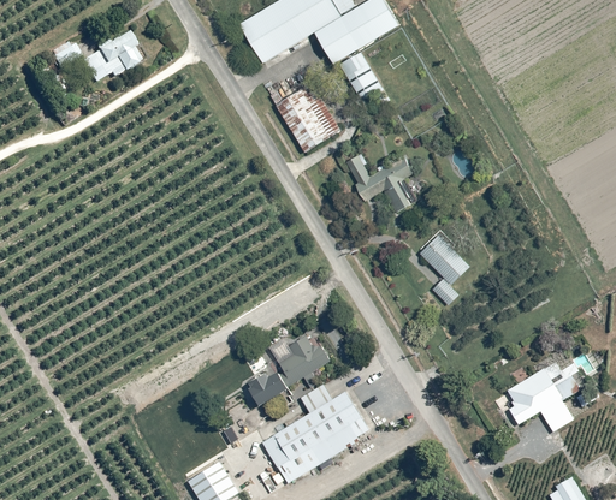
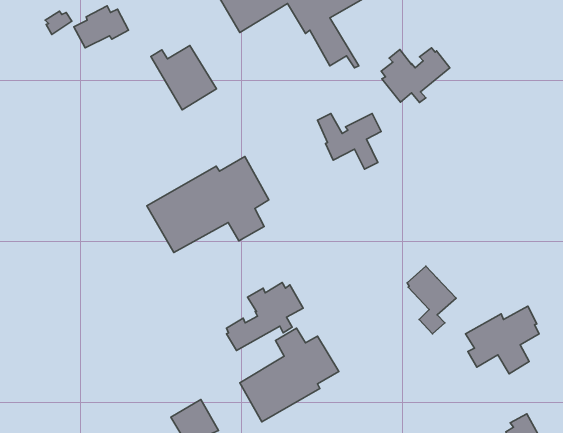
building: none -> [381,48,450,103]
building: [270,82,340,151] -> [151,45,217,110]
building: none -> [147,157,269,252]
building: [419,231,472,304] -> [407,266,456,334]

